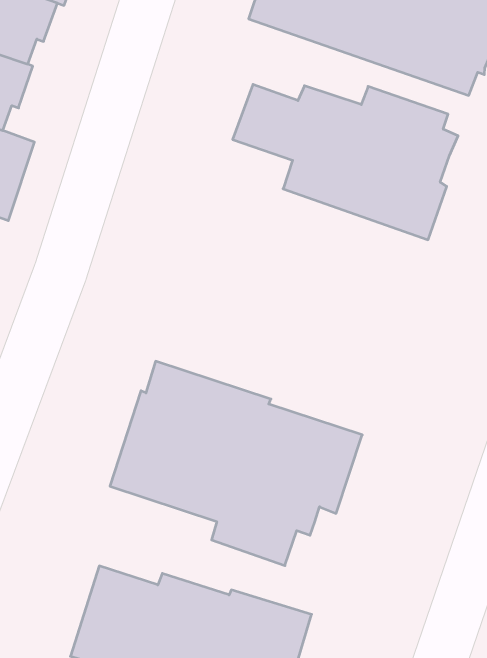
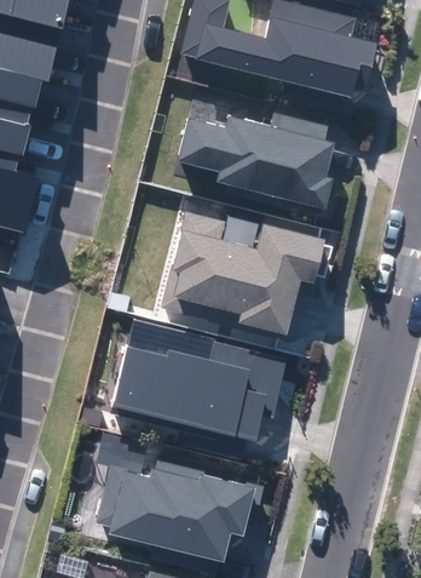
building: none -> [169,208,325,334]

